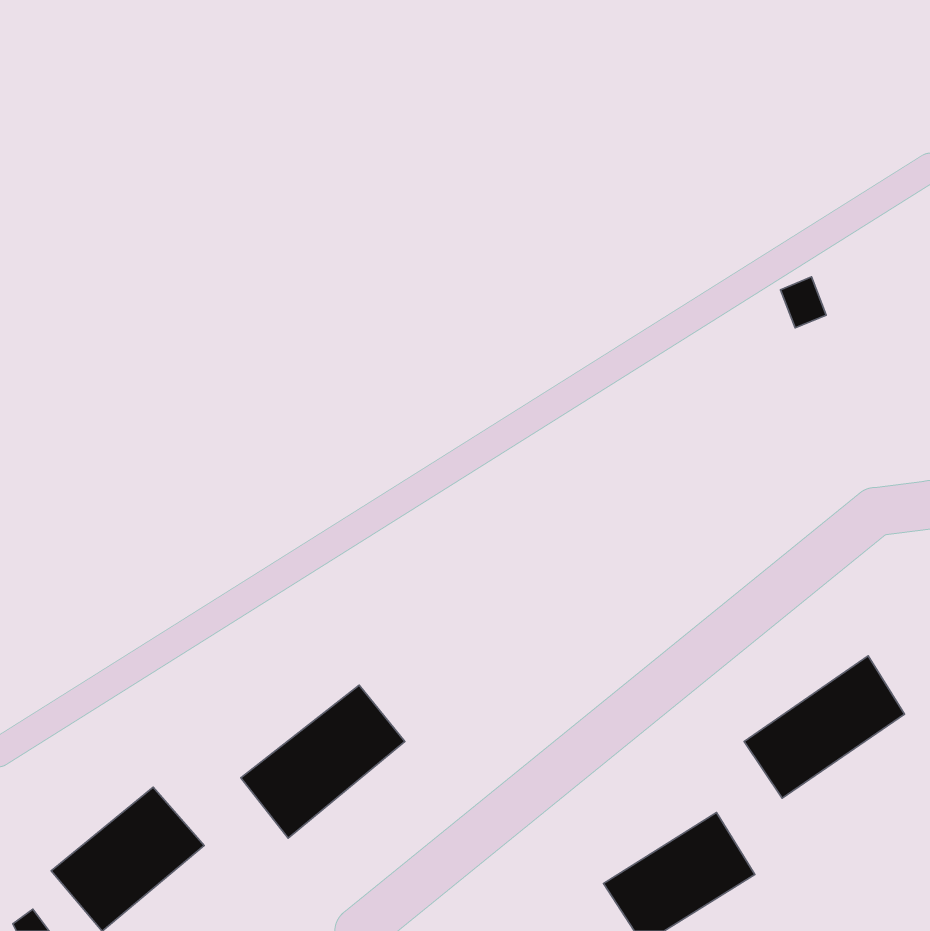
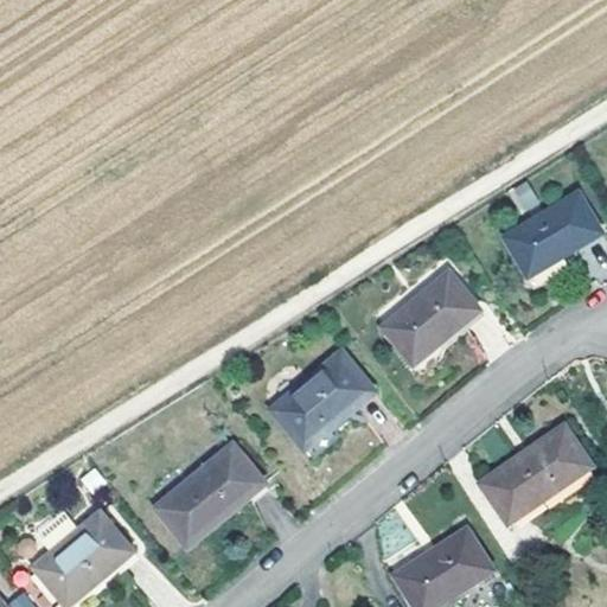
building: none -> [506,194,599,273]
building: none -> [383,273,477,364]
building: none -> [275,354,371,446]

